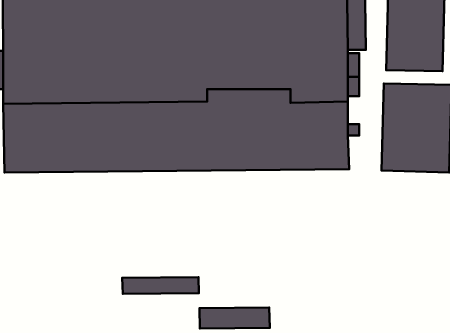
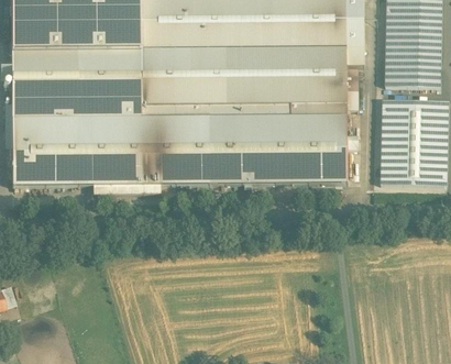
building: [122,277,199,294] -> none
building: [200,308,270,328] -> none

